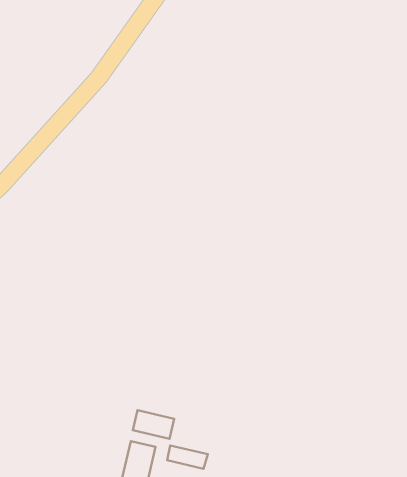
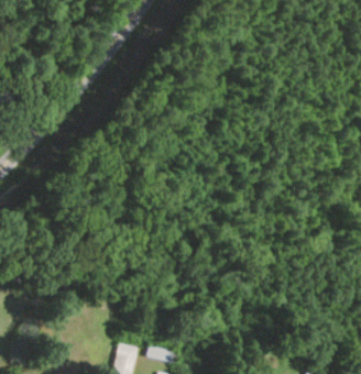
building: [133,410,174,439] -> none

